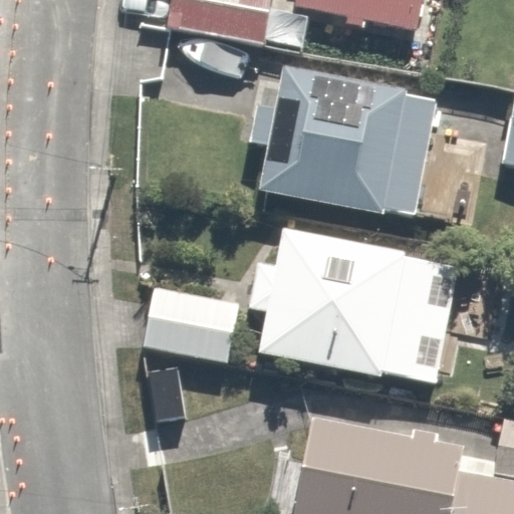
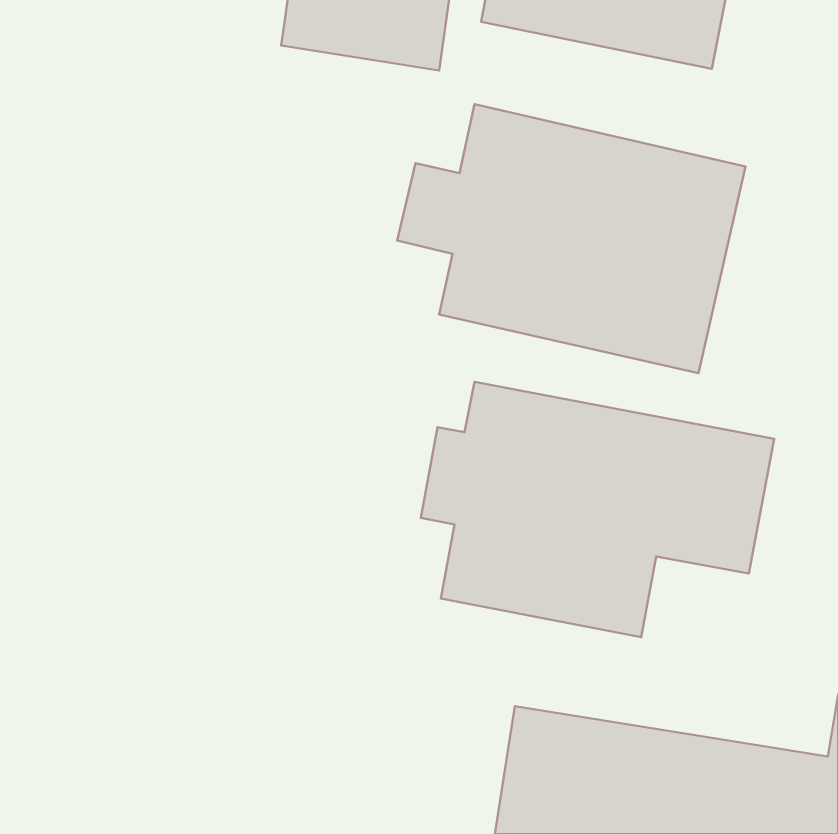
building: [140,282,240,365] -> none

